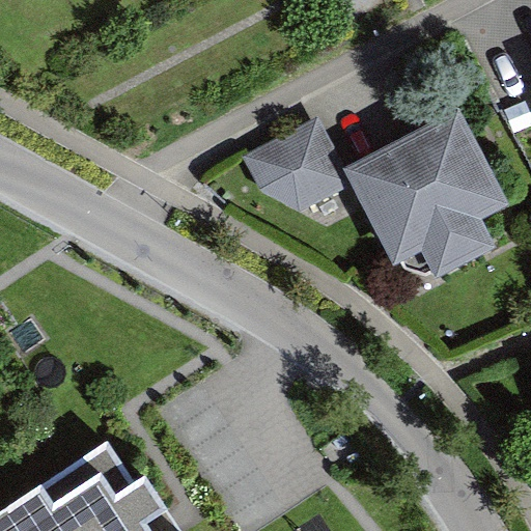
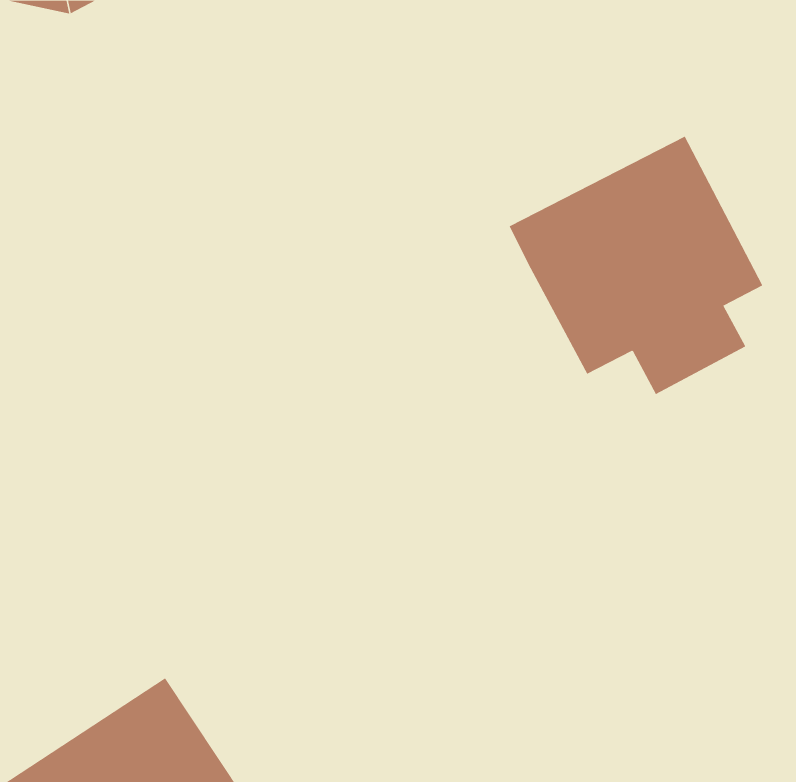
building: [244,121,351,226] -> none

